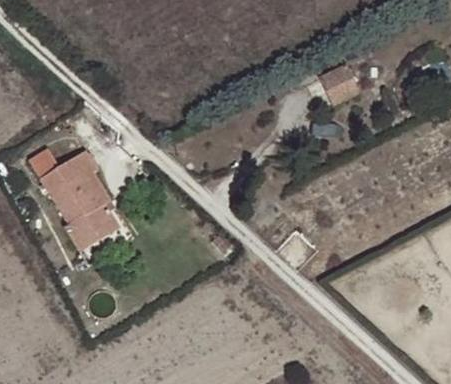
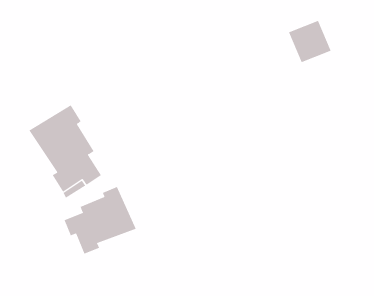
building: none -> [64,186,136,255]

